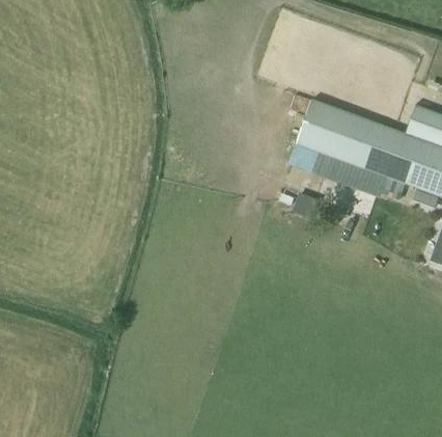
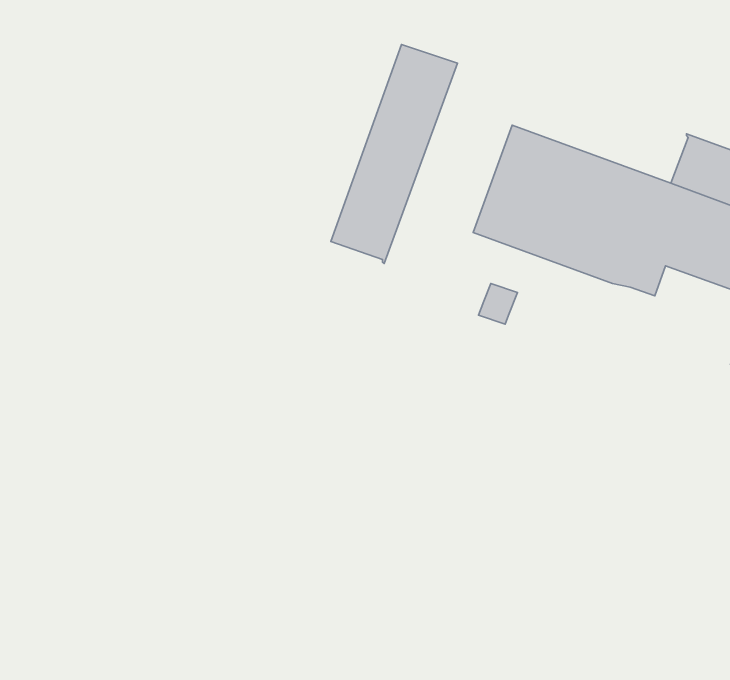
building: none -> [331,44,458,264]

